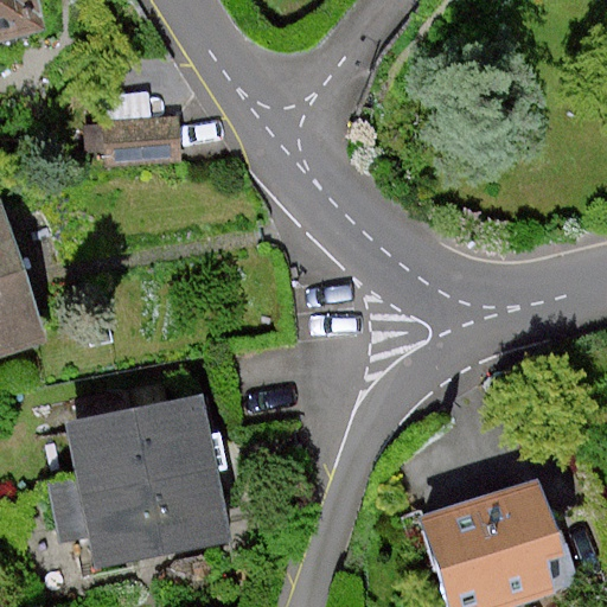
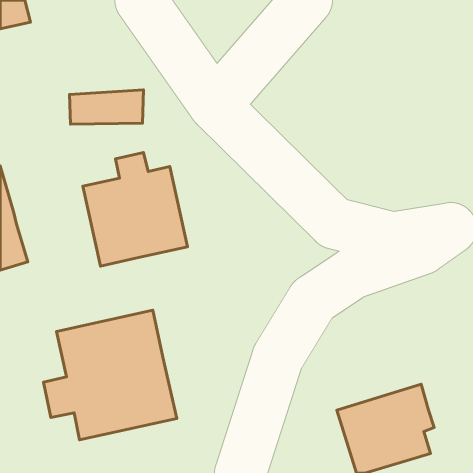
building: none -> [83,152,188,266]

